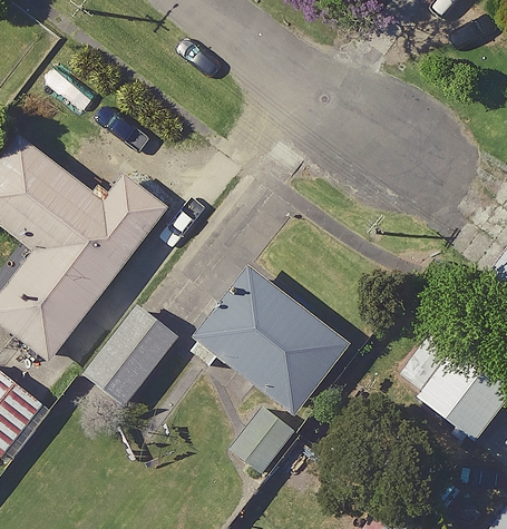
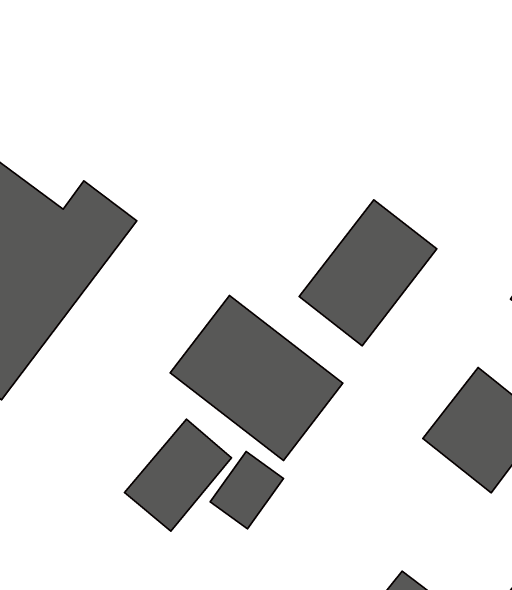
building: none -> [299,200,437,346]
building: [84,310,176,406] -> [125,419,231,531]

